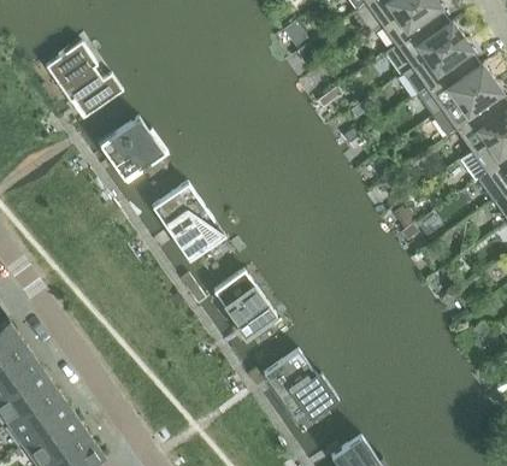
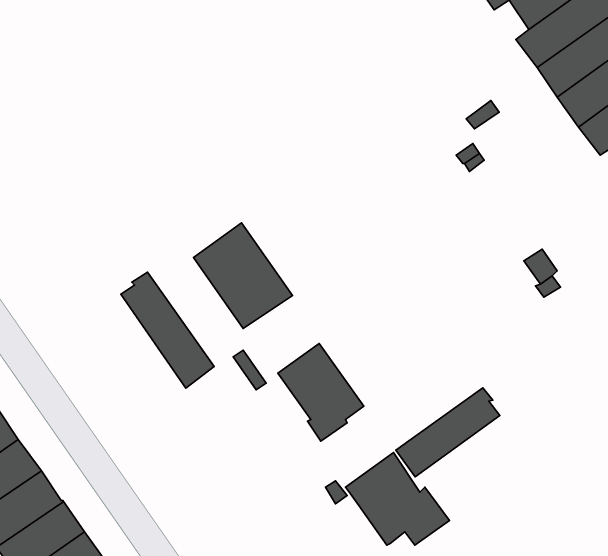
building: [45,41,122,120] -> none
building: [99,119,163,182] -> none
building: none -> [121,272,214,388]
building: none -> [396,388,500,477]

